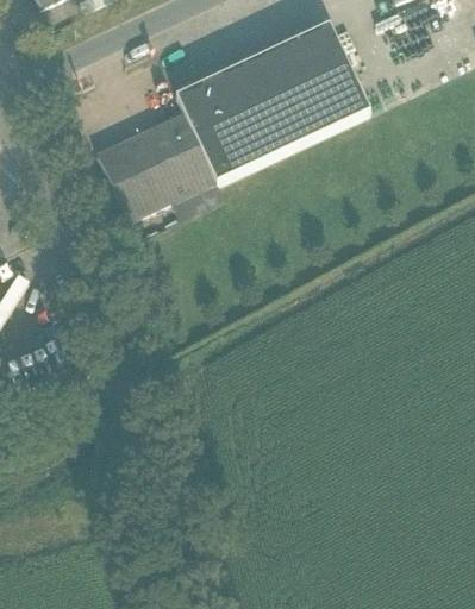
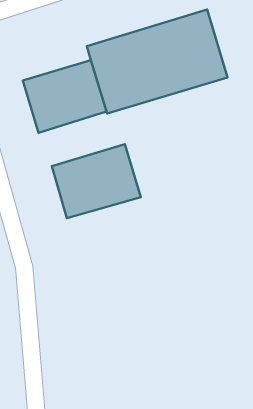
building: none -> [52,144,141,218]

